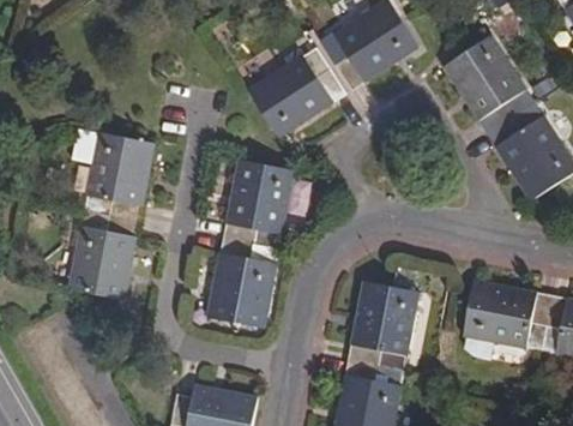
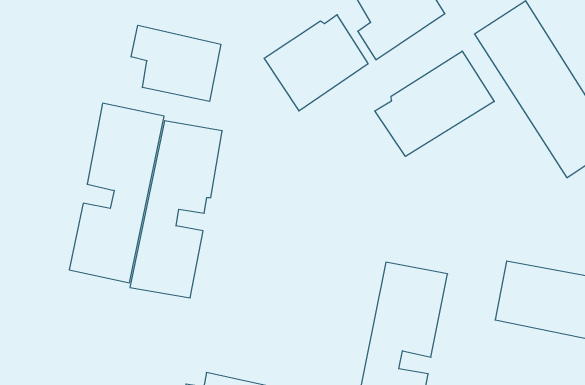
building: none -> [131,25,221,101]
building: none -> [375,51,494,156]
building: [206,160,292,325] -> [130,121,222,298]

